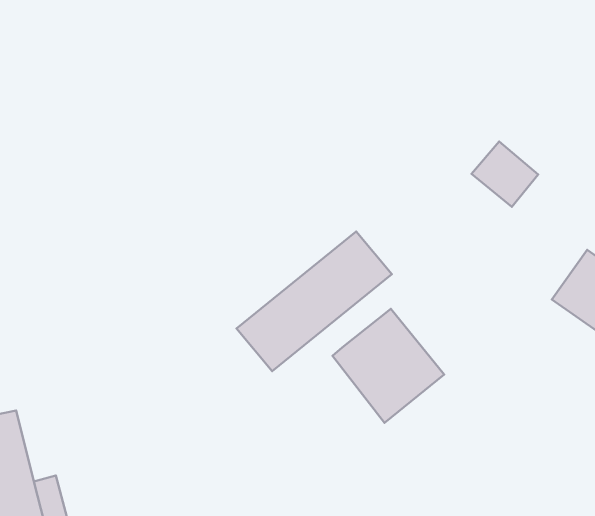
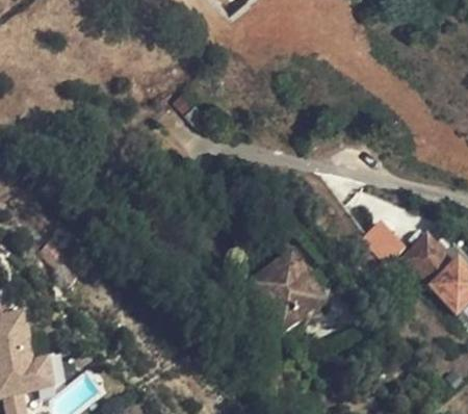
building: [471,141,538,207] -> [359,218,405,264]
building: [236,232,392,371] -> none

